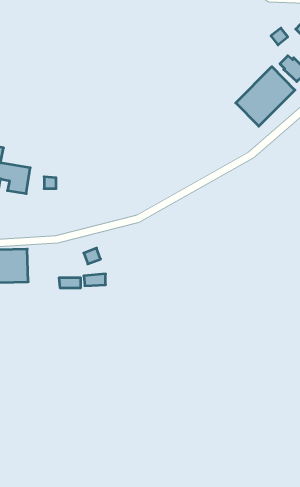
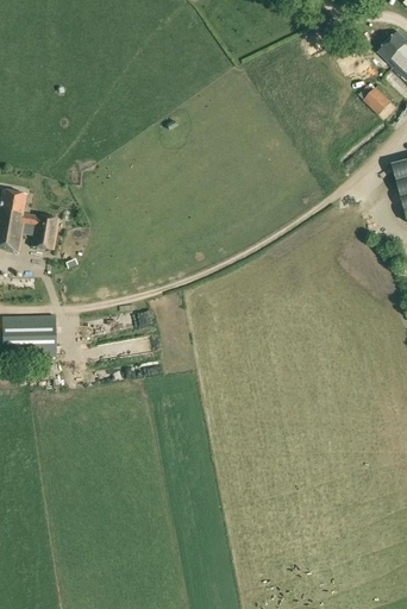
building: [236,67,295,126] -> none

